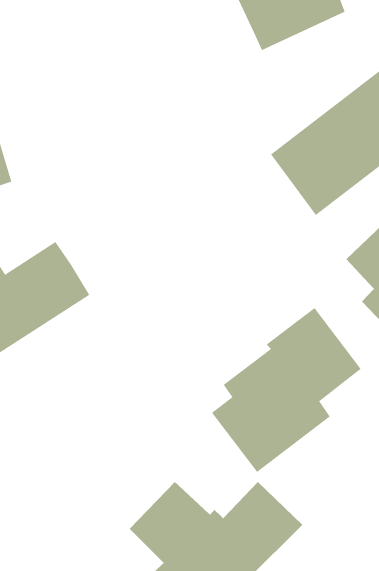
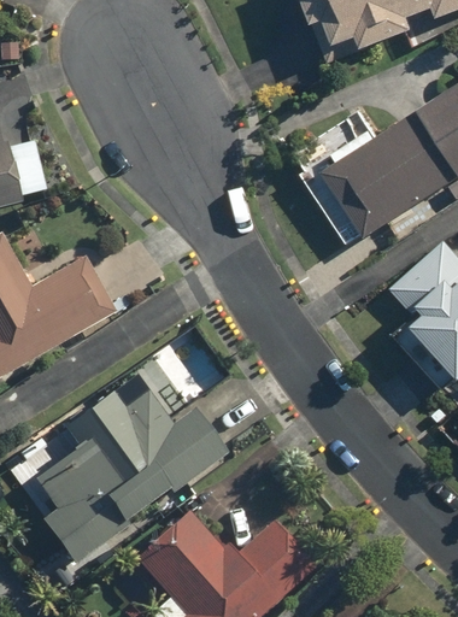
building: [211,307,362,473] -> none
building: none -> [37,389,235,560]

